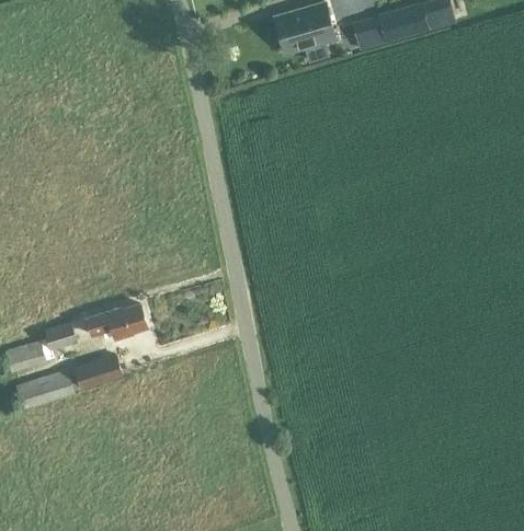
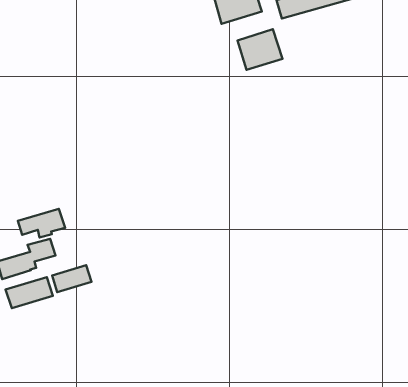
building: none -> [238,29,283,70]
building: [88,303,147,339] -> [18,209,65,238]

